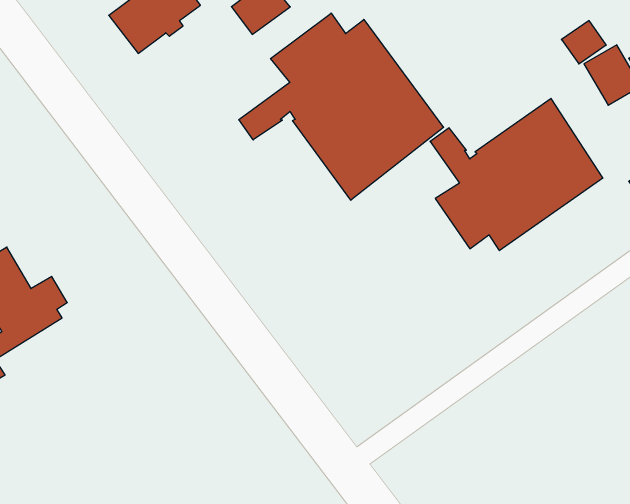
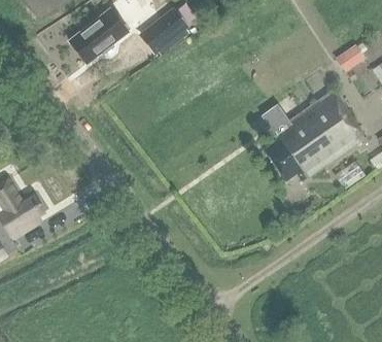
building: [239,13,444,200] -> none

